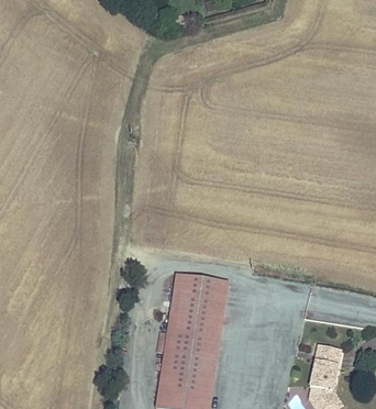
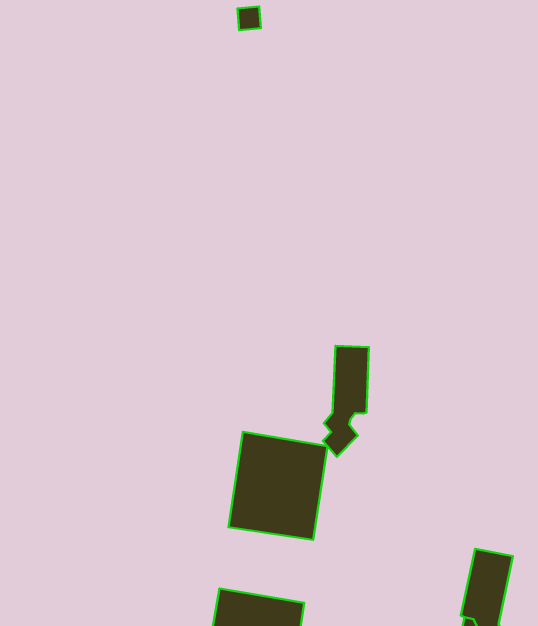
building: none -> [323,346,369,457]
building: [162,331,219,377] -> none

